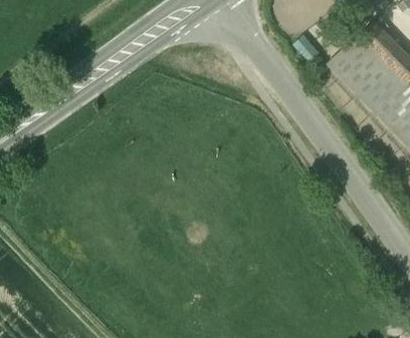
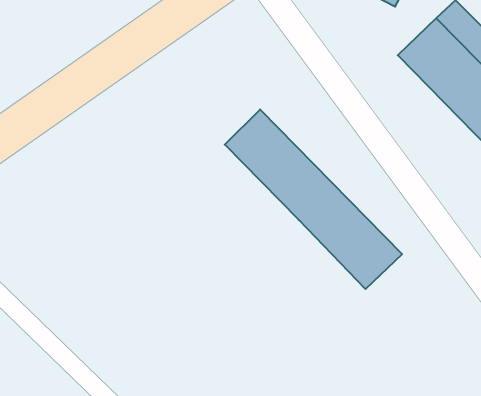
building: none -> [225,109,402,289]

